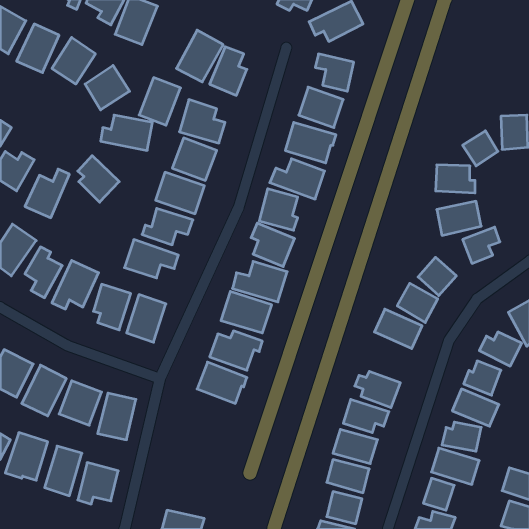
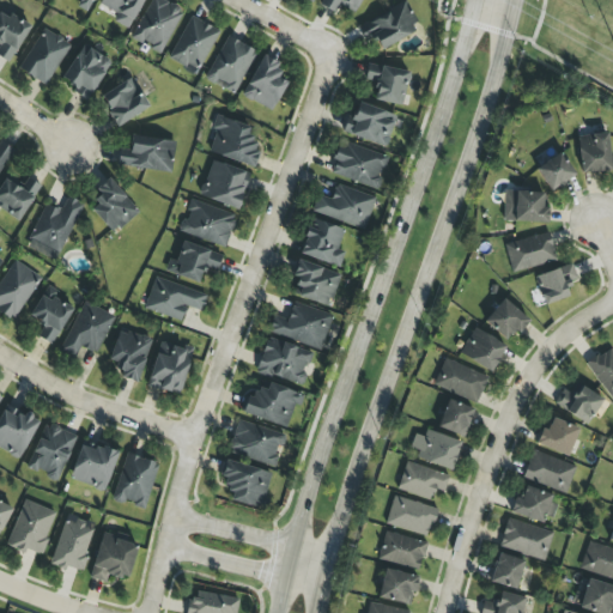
building: [139,78,181,125] -> [171,16,219,71]
building: none -> [439,399,474,436]
building: none -> [219,459,272,509]

